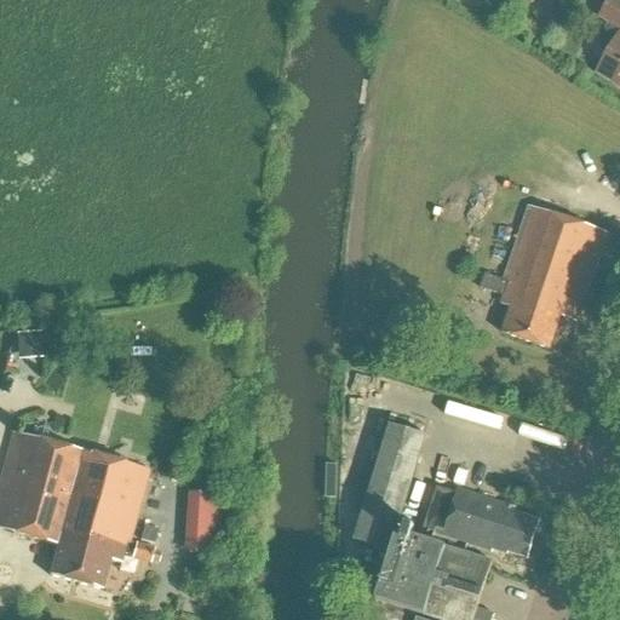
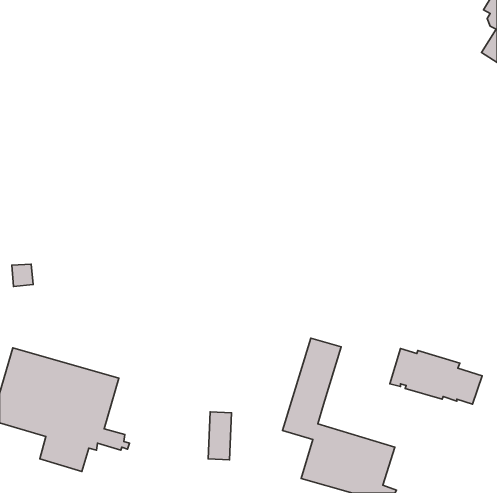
building: [478,203,604,346] -> none
building: [421,482,536,551] -> [390,349,482,404]
building: [189,488,218,547] -> [208,412,232,460]

